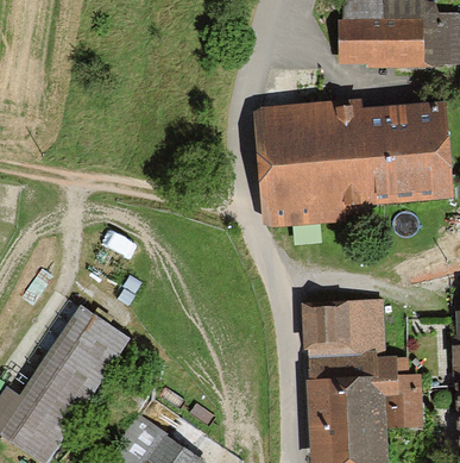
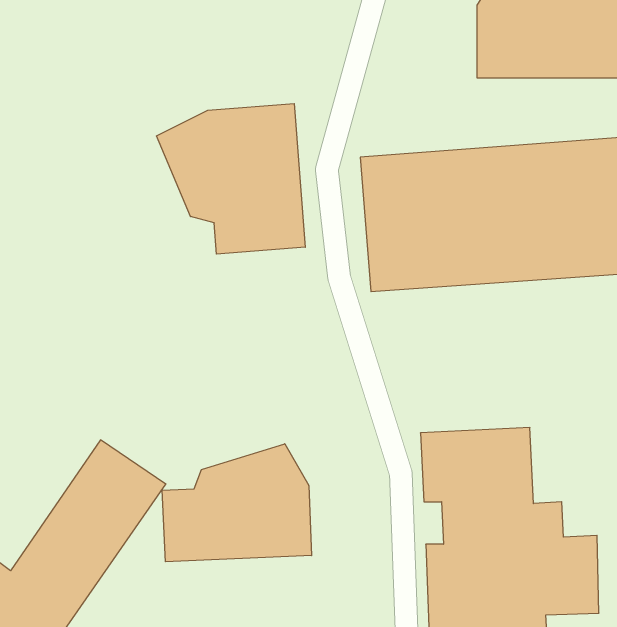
building: none -> [157,104,305,254]
building: none -> [162,444,312,562]

